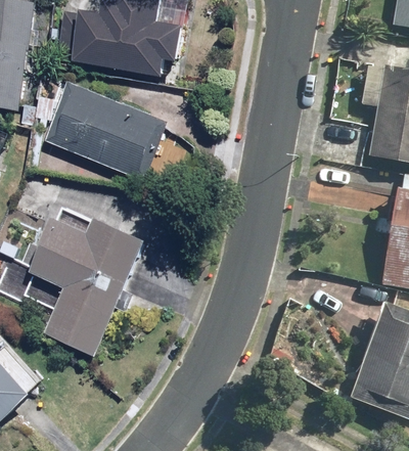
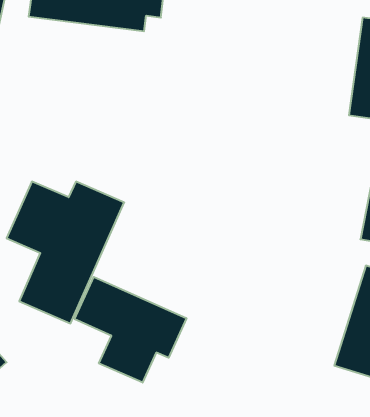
building: [45,79,160,179] -> none
building: none -> [75,277,186,383]

